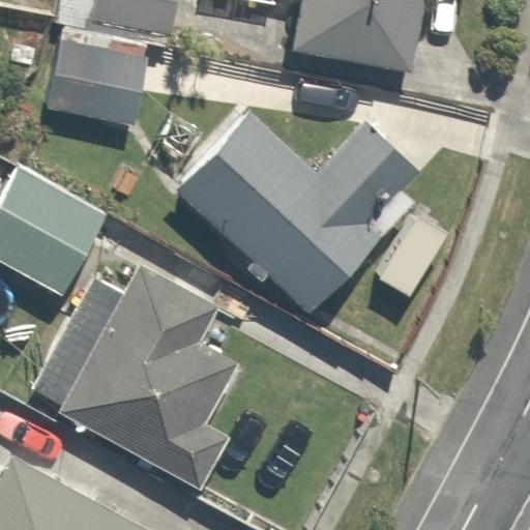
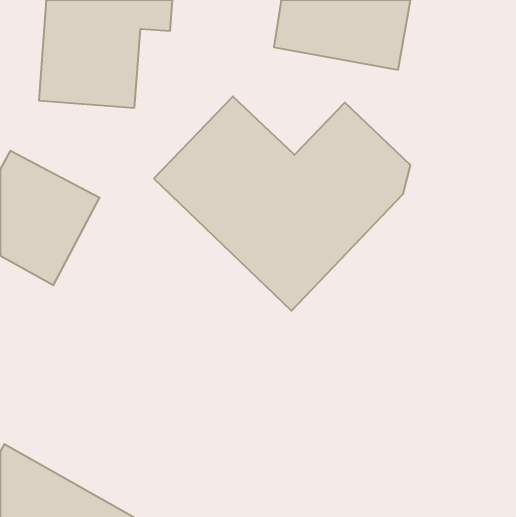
building: [59,265,236,483] -> none

